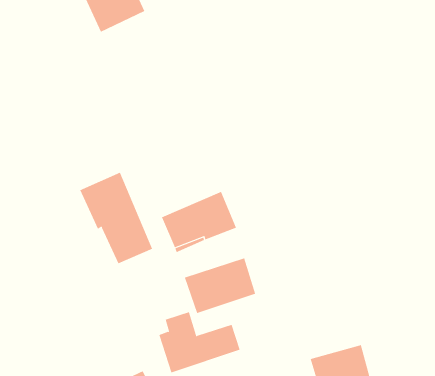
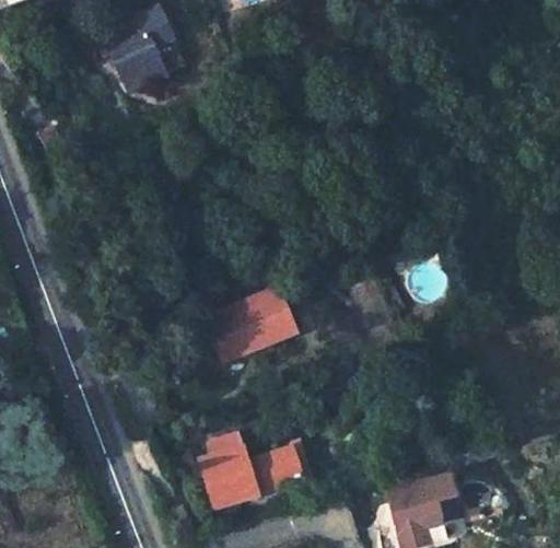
building: [80,172,153,264] -> none
building: [184,257,256,314] -> none

